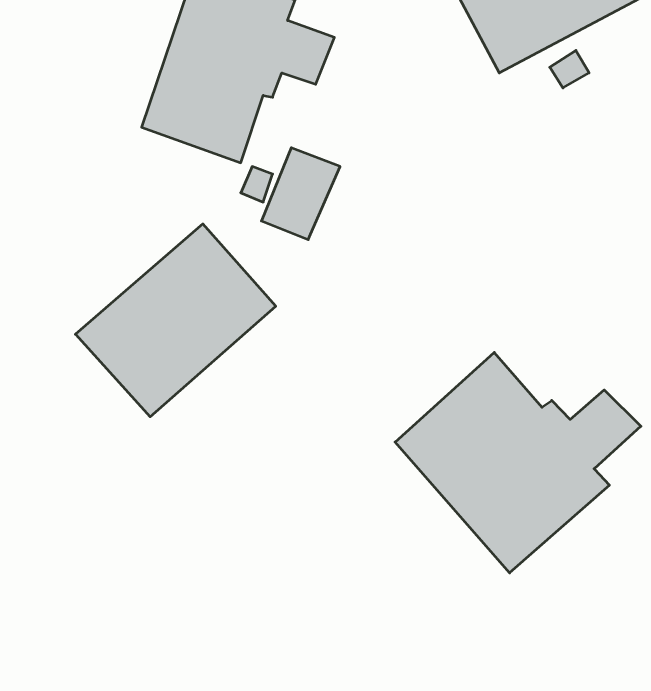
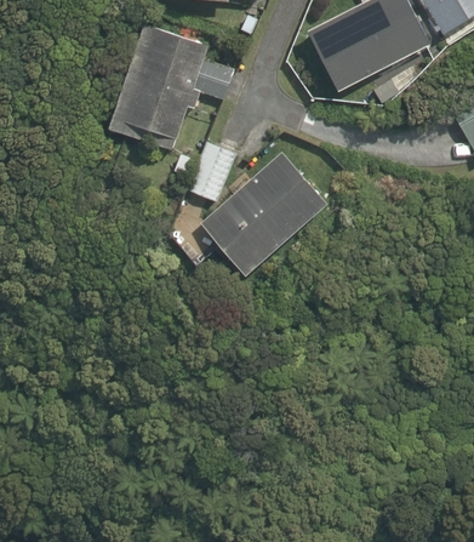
building: [75,224,276,417] -> [199,150,329,275]
building: [395,352,641,573] -> none

